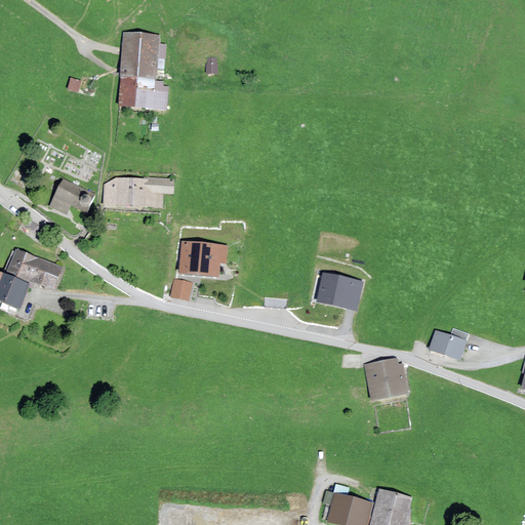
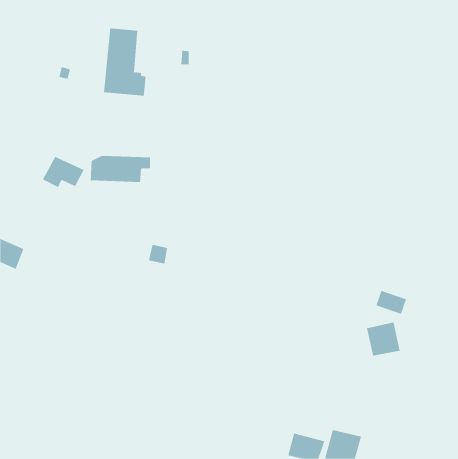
building: [180,242,225,276] -> none
building: [7,249,62,289] -> none
building: [318,274,362,309] -> none
building: [365,359,404,398] -> [366,322,400,356]

